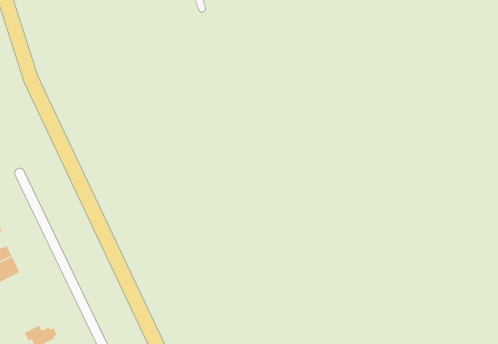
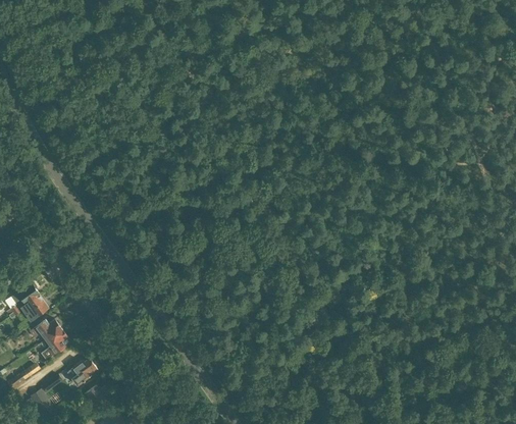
building: none -> [68,360,98,386]

